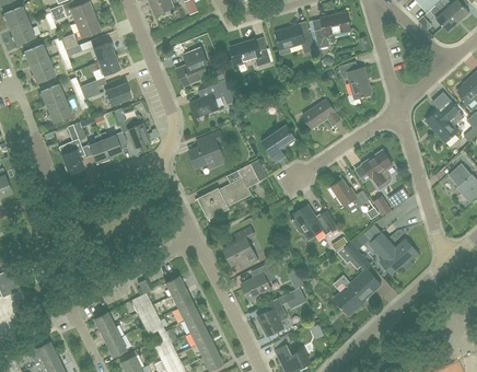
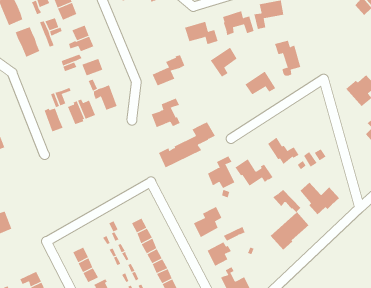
building: [176,47,208,86] -> none
building: [40,84,71,121] -> none
building: [261,125,295,162] -> [210,47,238,78]
building: [362,150,393,187] -> none
building: [224,228,258,268] -> [207,155,235,189]

